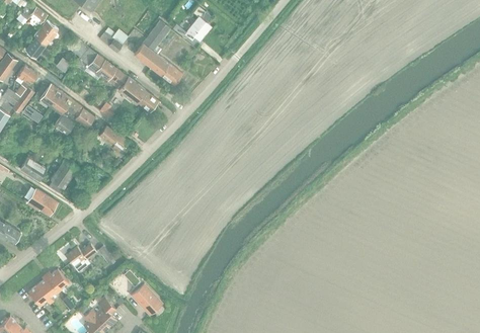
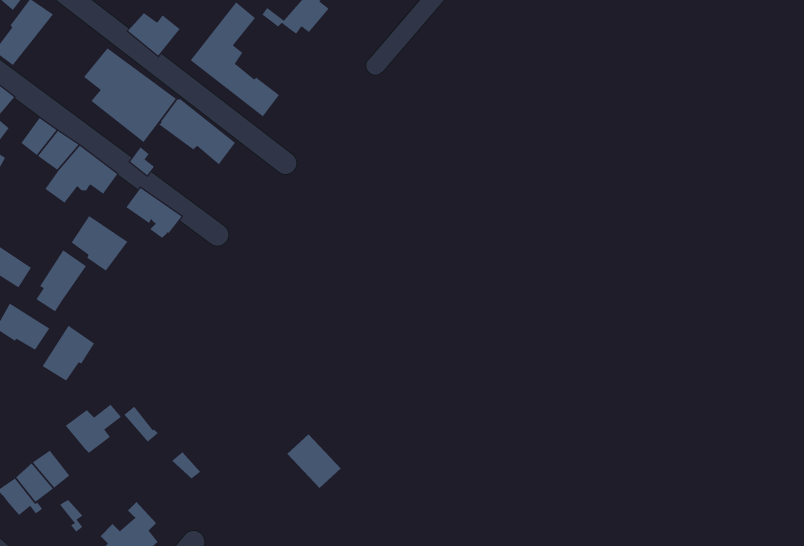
building: none -> [71,215,128,271]
building: none -> [42,325,95,382]
building: [131,283,161,314] -> [286,434,342,489]

